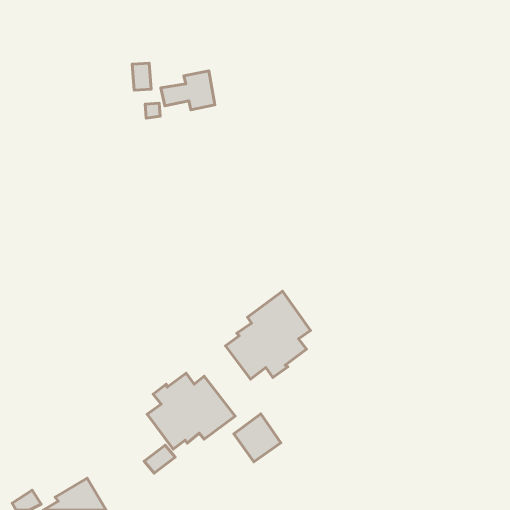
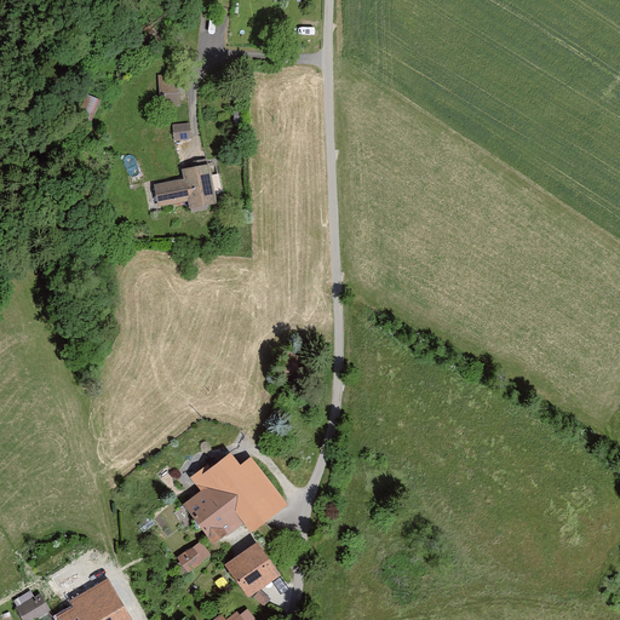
building: [161,71,215,110] -> [159,166,224,213]
building: [226,291,310,379] -> none
building: [234,414,281,462] -> [223,540,280,598]

